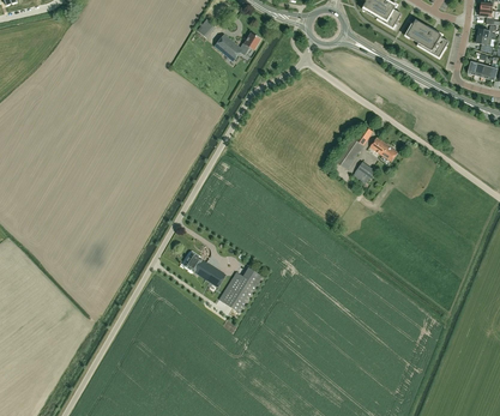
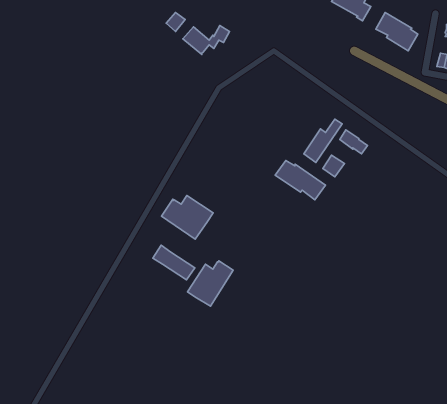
building: none -> [275,160,325,200]
building: none -> [162,196,213,239]

